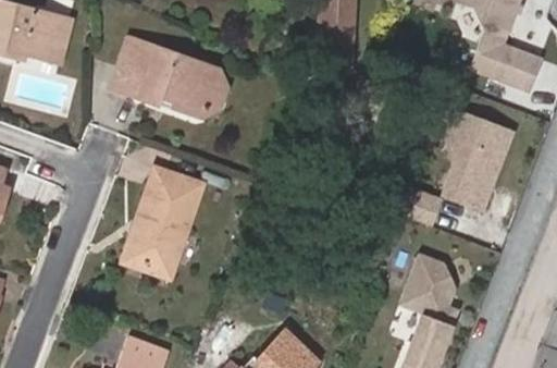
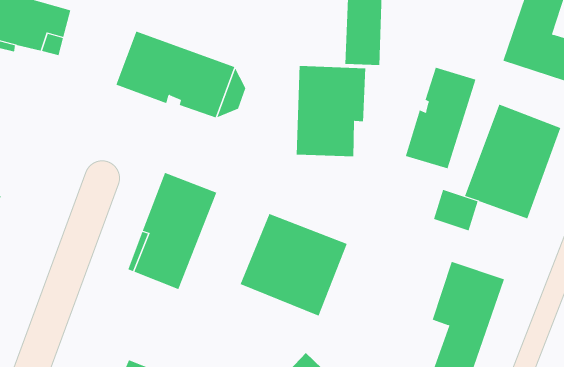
building: none -> [296,65,366,157]
building: none -> [405,67,476,169]
building: none -> [240,213,347,317]

